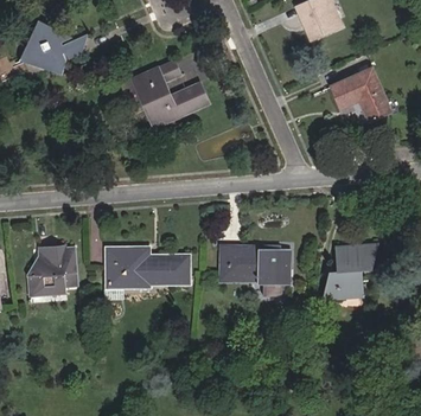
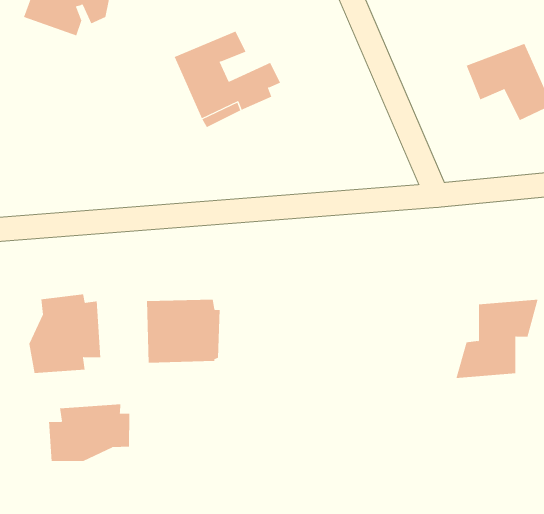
building: [217,242,288,286] -> none
building: [159,252,194,286] -> none
building: none -> [48,403,130,462]

